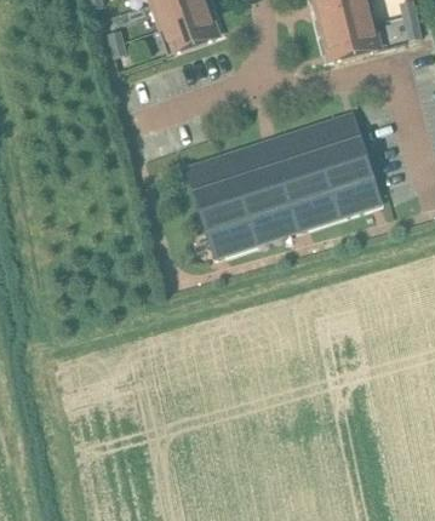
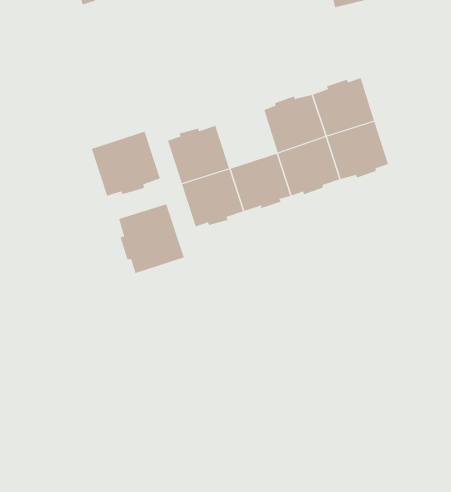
building: [229,147,282,197] -> none
building: none -> [91,131,160,197]
building: none -> [119,204,184,274]

